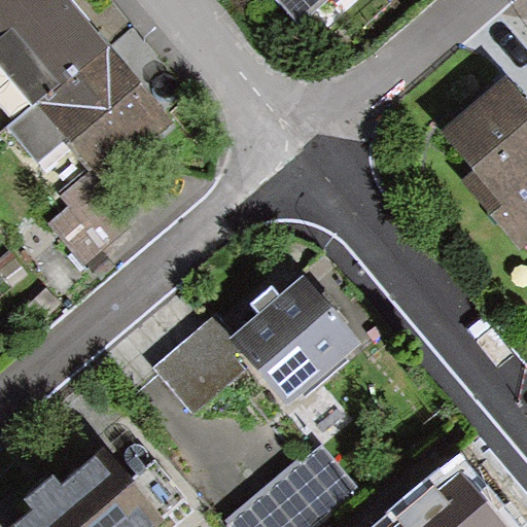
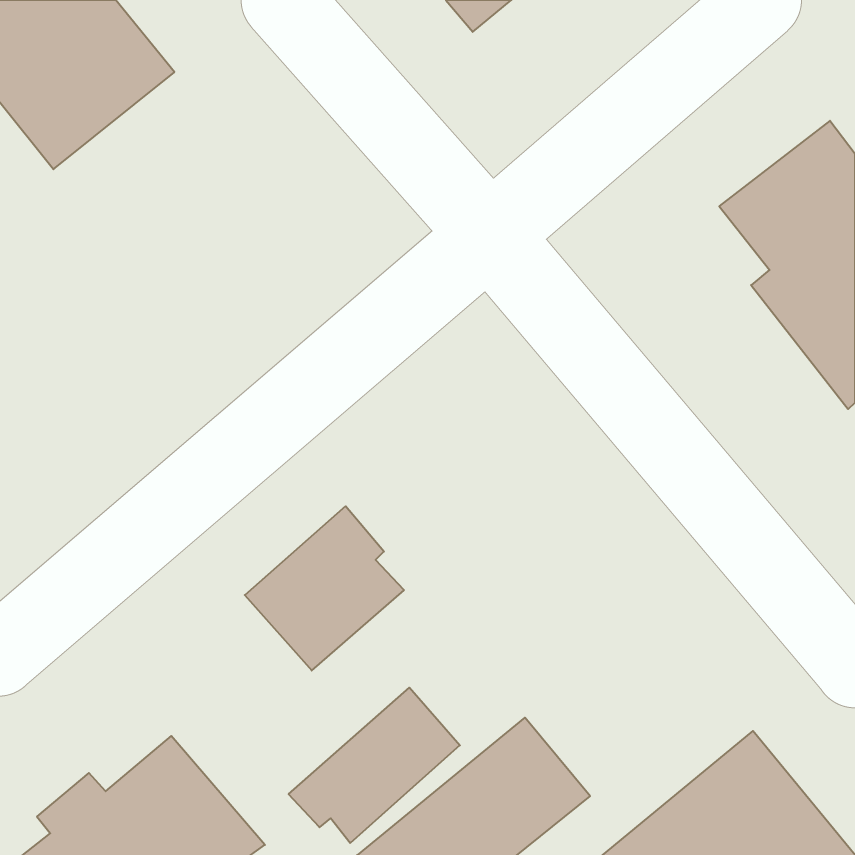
building: [10,45,177,257] -> none
building: [231,278,360,409] -> none
building: none -> [289,688,460,843]

